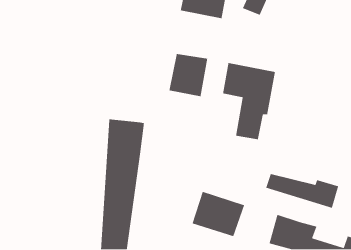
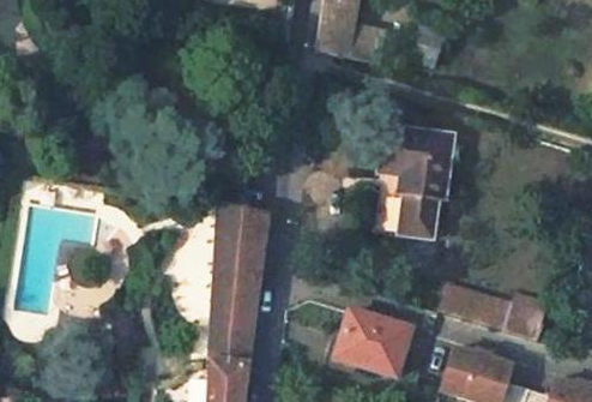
building: [168,53,208,97] -> none

